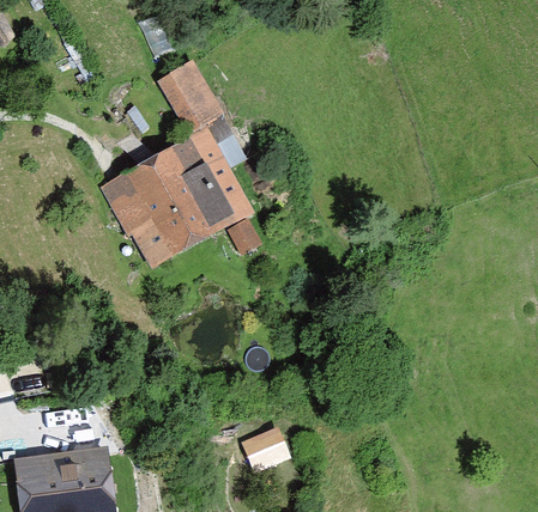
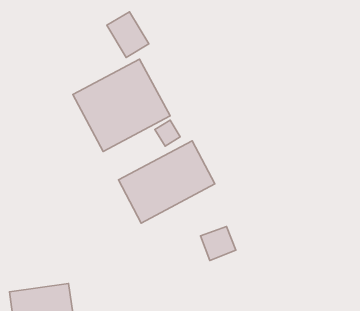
building: none -> [118,141,215,223]
building: [240,425,290,473] -> [200,227,236,260]

